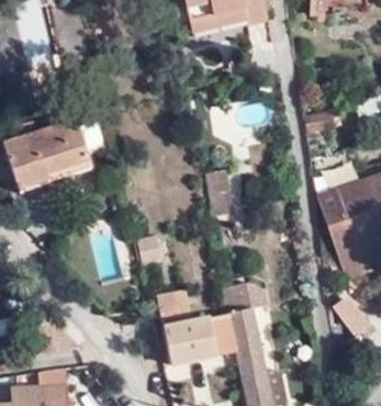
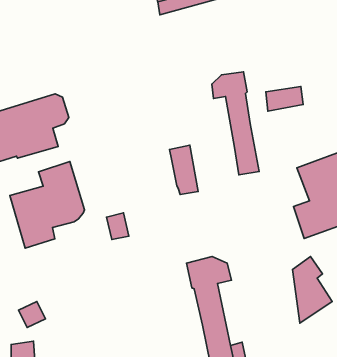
building: none -> [212,72,259,175]
building: none -> [10,161,85,248]
building: [160,303,237,364] -> none

